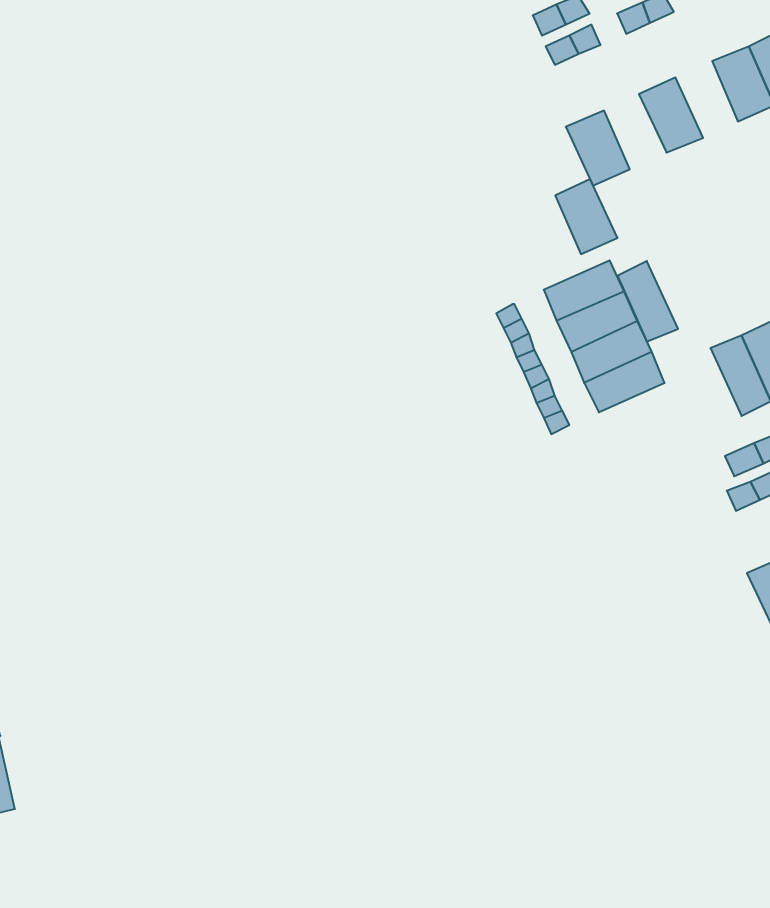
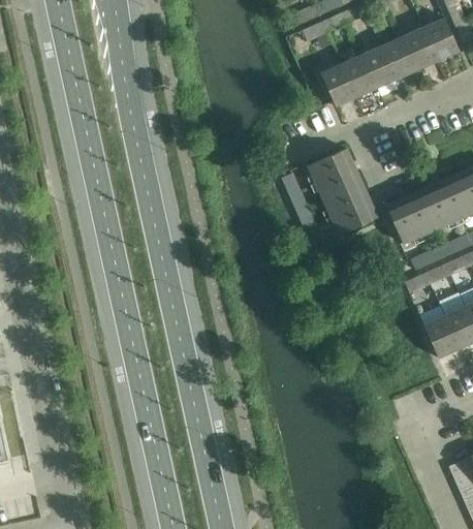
building: none -> [382,36,417,80]
building: [555,179,618,254] -> [342,55,377,97]
building: [618,261,678,341] -> [385,198,419,244]

